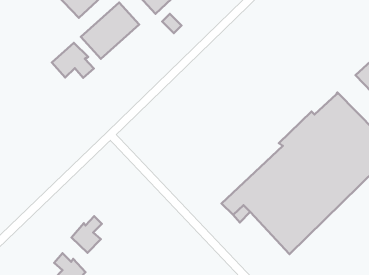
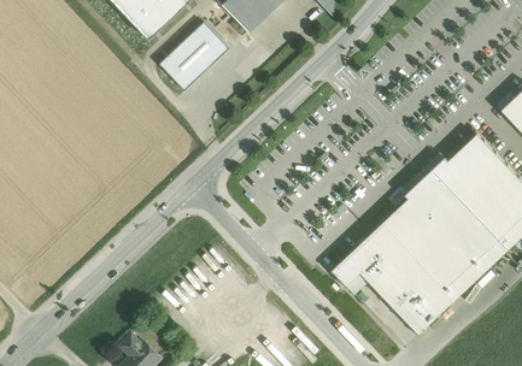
building: [52,43,94,78] -> none
building: [71,216,102,253] -> none

